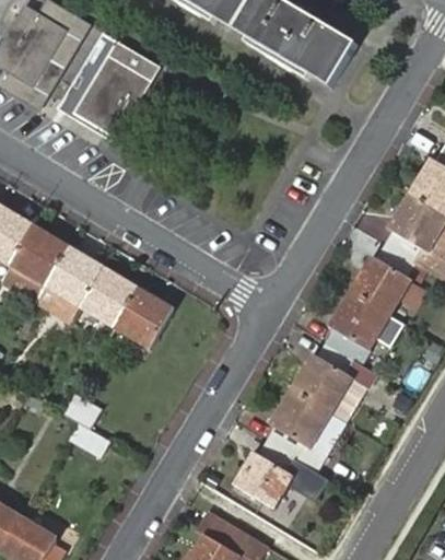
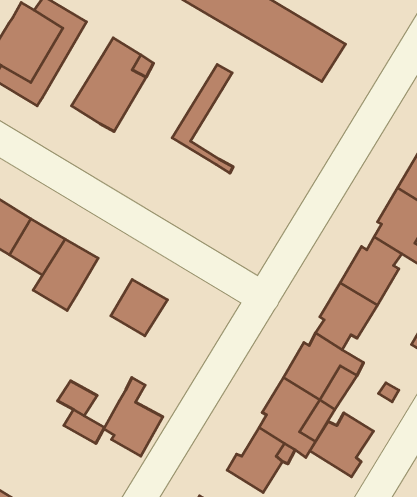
building: [56,32,118,143] -> [172,64,233,173]
building: [80,267,137,326] -> none
building: none -> [104,377,163,456]
building: none -> [310,413,373,477]

